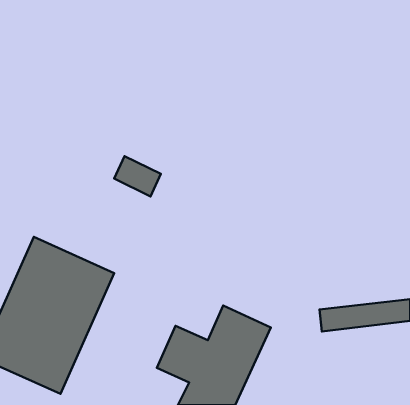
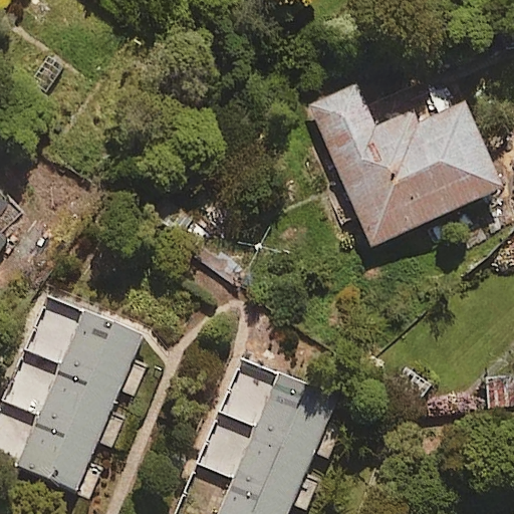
building: none -> [309,79,500,247]

